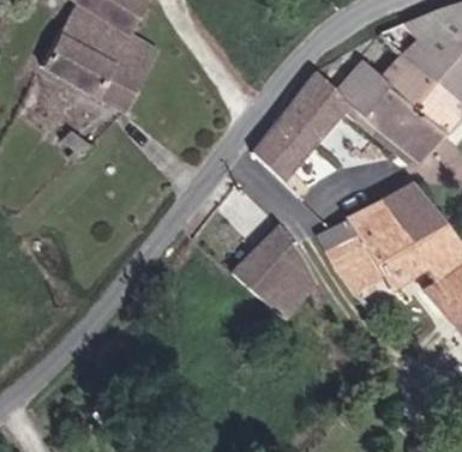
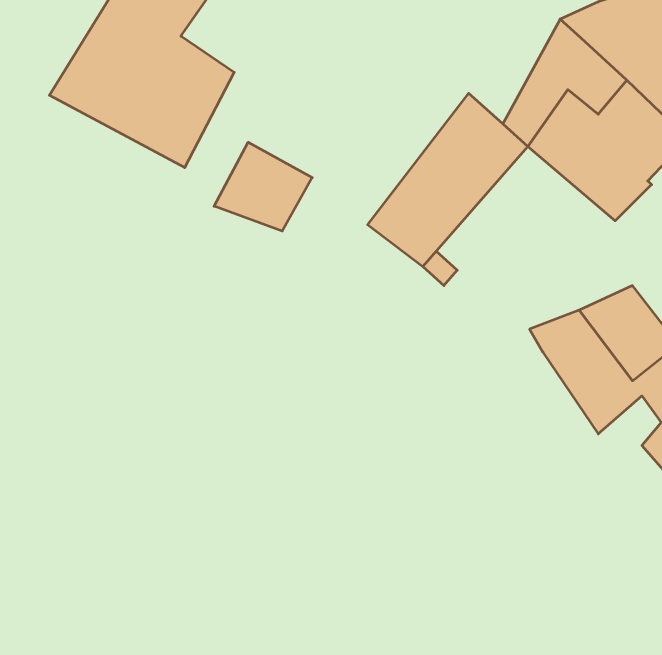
building: none -> [214,142,312,231]
building: [232,228,314,325] -> none
building: [329,233,395,306] -> none

